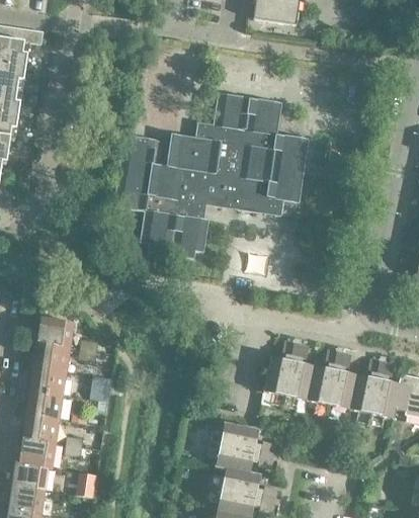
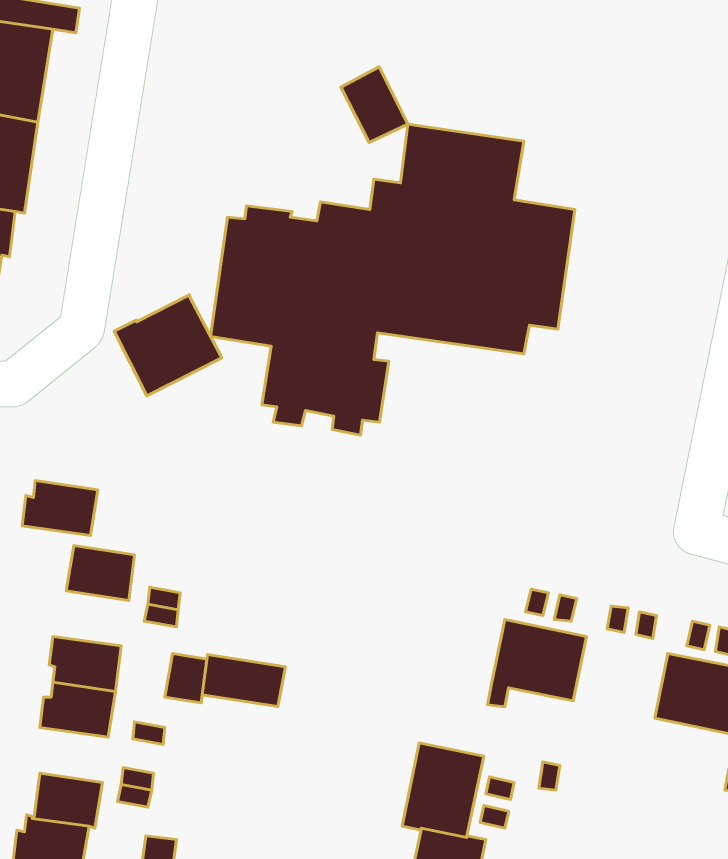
building: none -> [341,67,408,142]
building: none -> [114,295,222,396]
building: [29,342,70,371] -> [22,480,98,535]
building: [307,366,357,410] -> none
building: none -> [202,654,286,707]
building: [20,415,59,444] -> none

